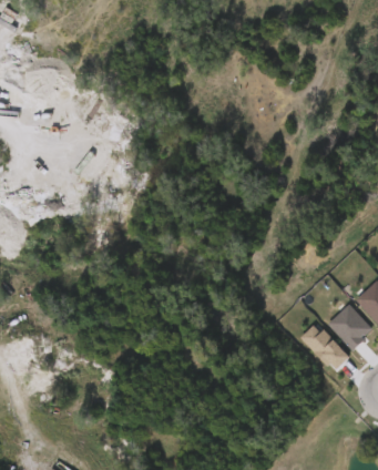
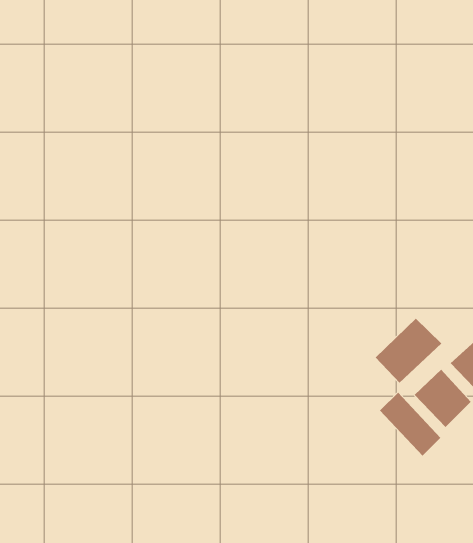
building: none -> [375,318,442,384]

